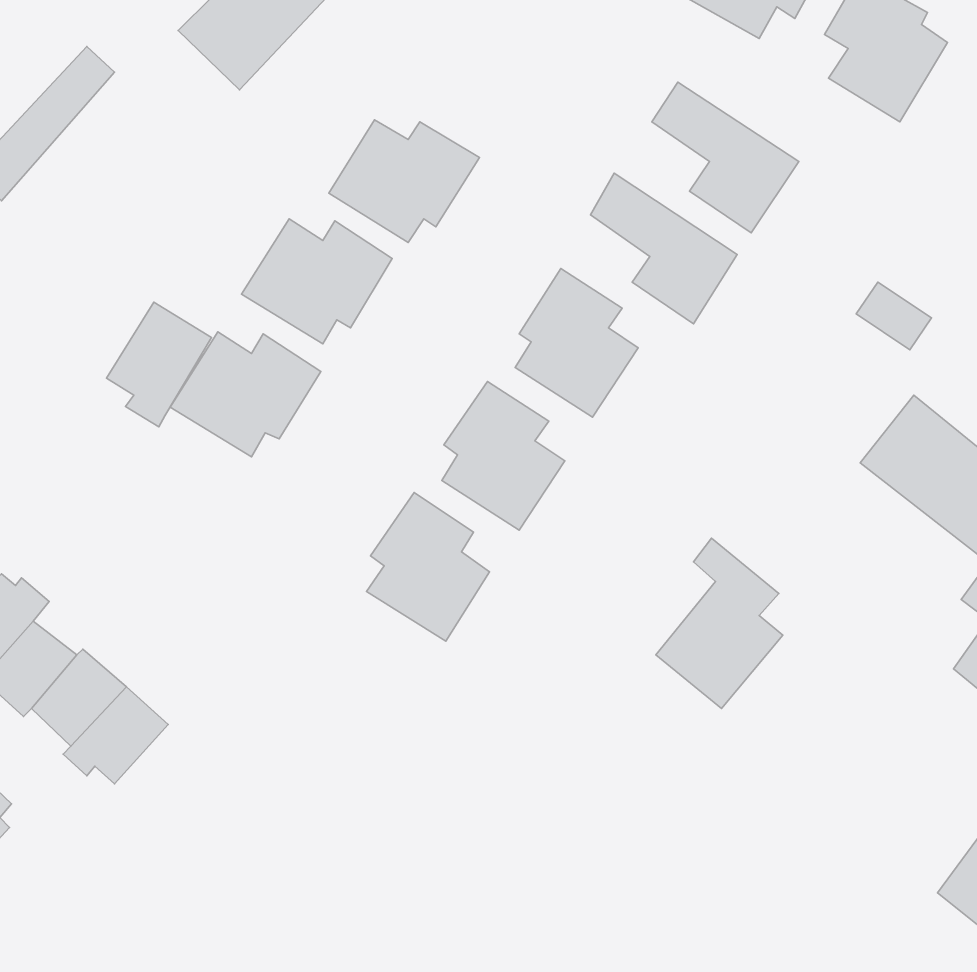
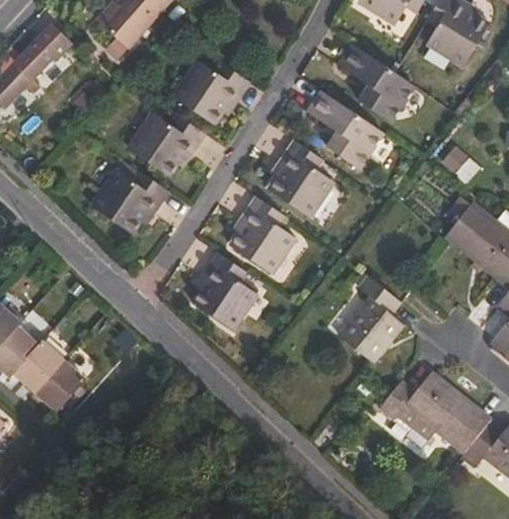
building: [107,302,212,427] -> none
building: none -> [380,374,489,456]

